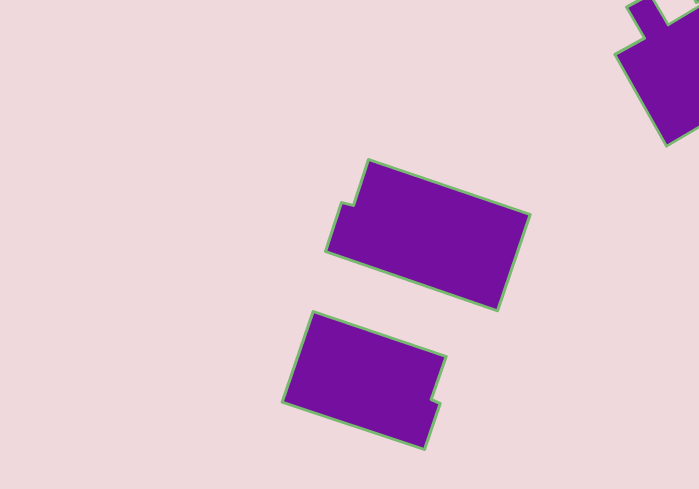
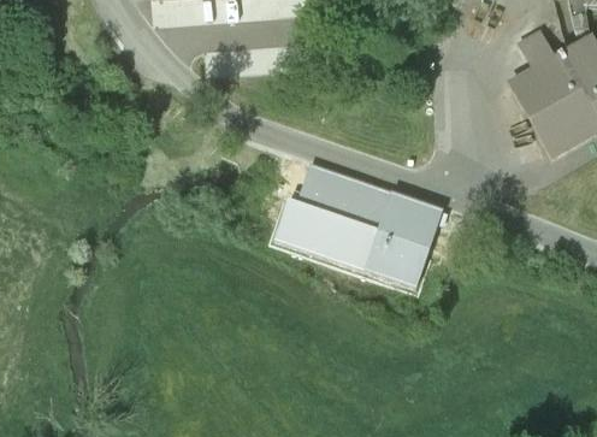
building: [282,312,446,449] -> none

